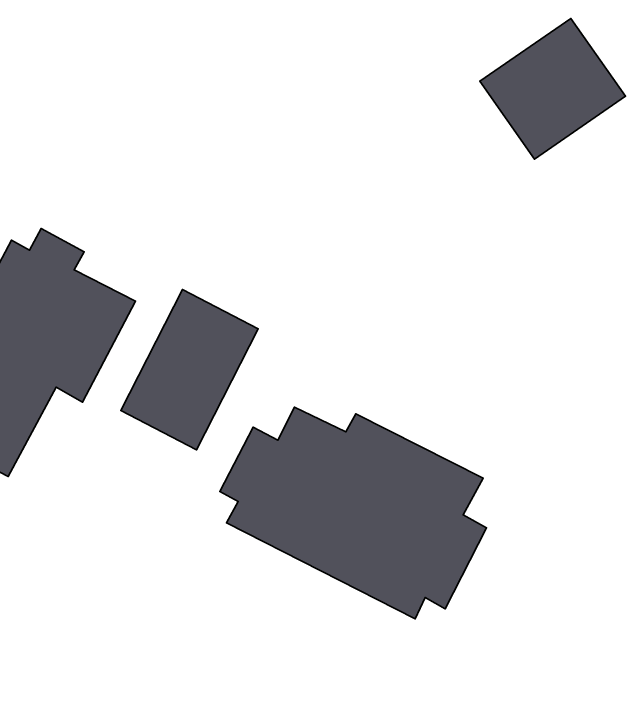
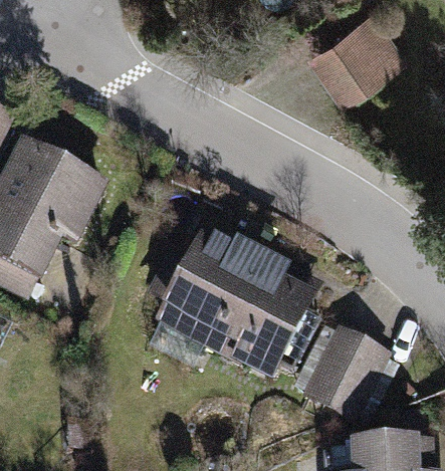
building: [121,290,258,450] -> none
building: none -> [307,334,384,414]

